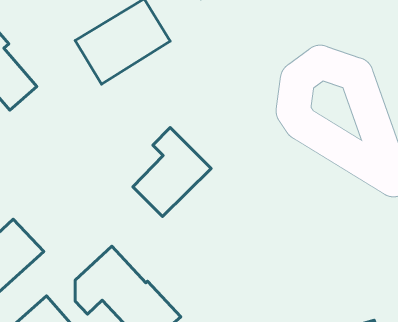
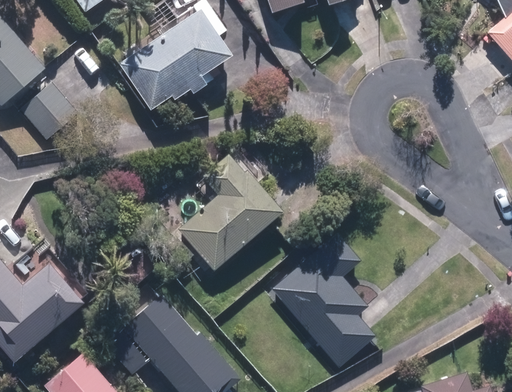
building: none -> [274,252,375,365]

